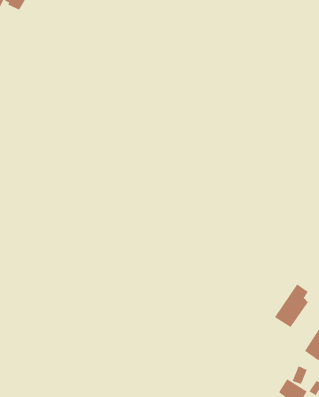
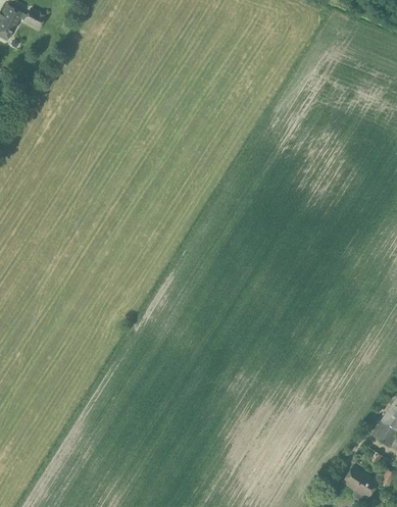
building: [274,283,309,328] -> none

